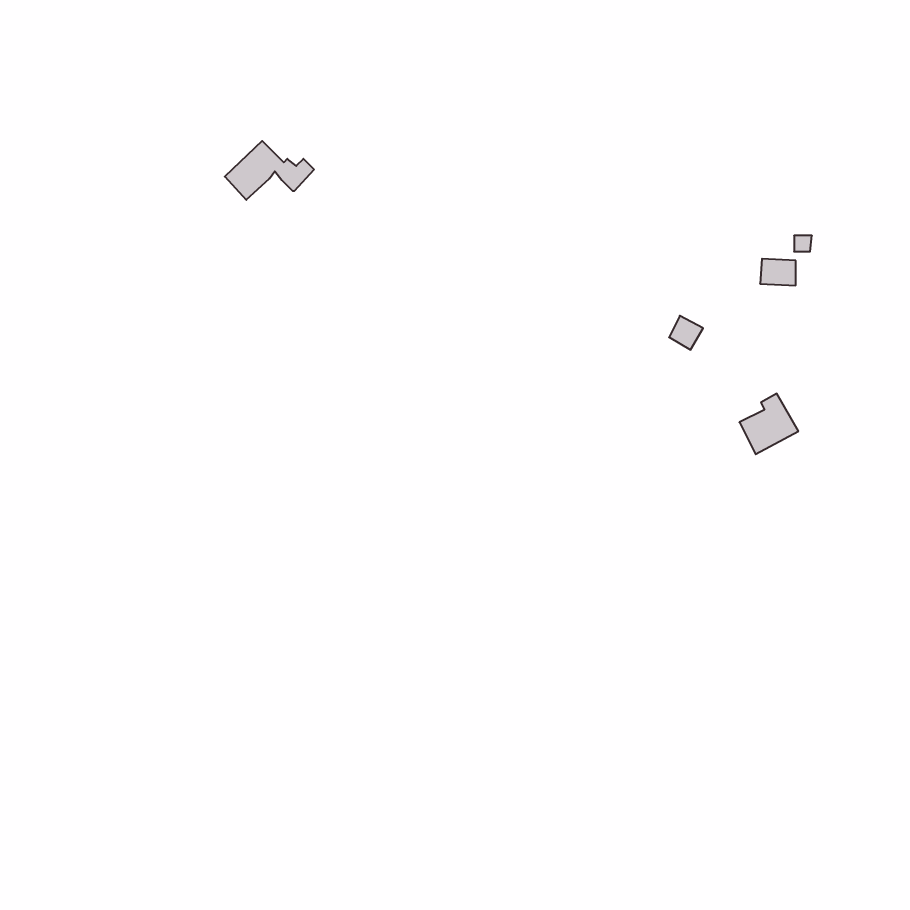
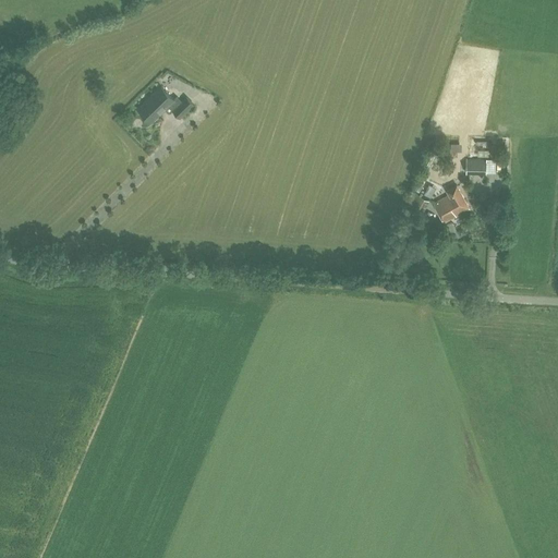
building: [739,394,798,454] -> [433,186,469,223]

